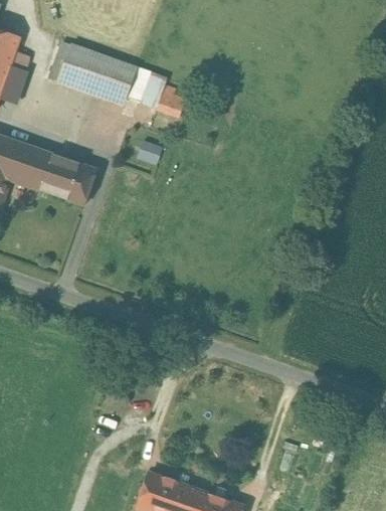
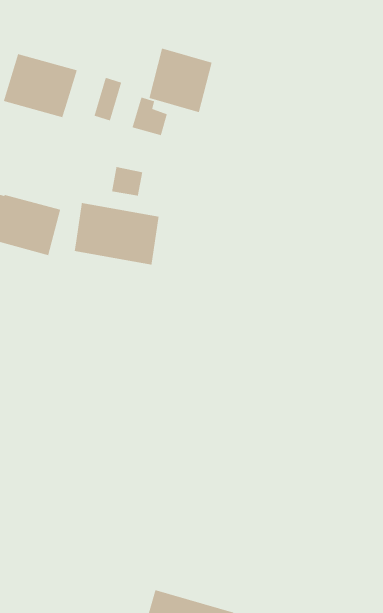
building: none -> [148,48,213,113]
building: [106,60,138,98] -> none
building: none -> [74,202,159,266]

